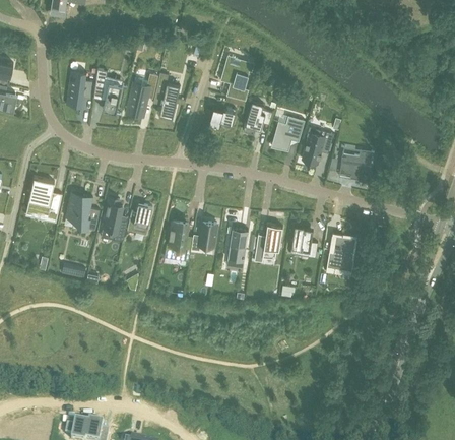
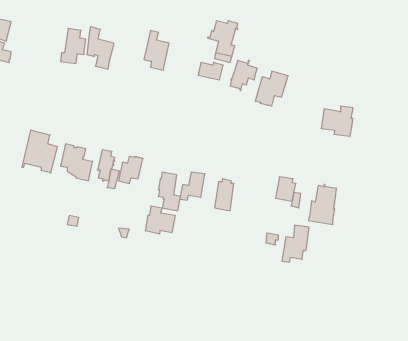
building: [128,72,157,111] -> none
building: [301,128,333,164] -> none
building: [253,224,281,262] -> [282,225,309,262]
building: none -> [145,206,175,234]

